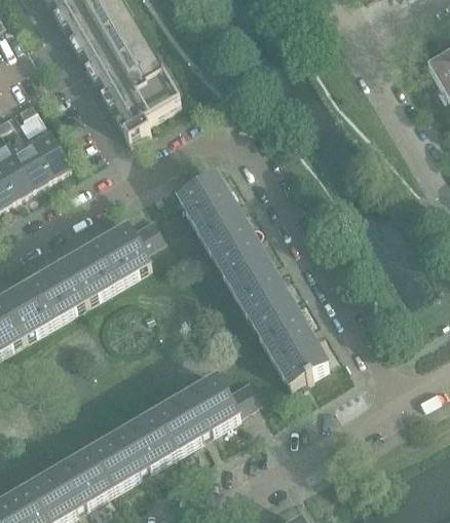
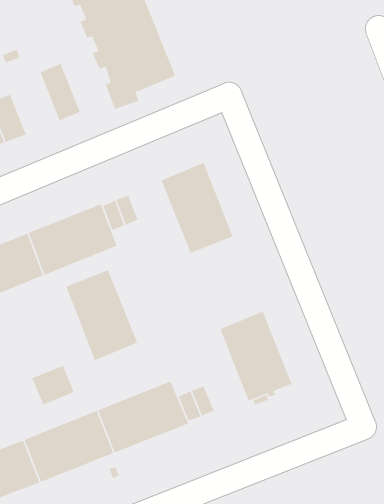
building: [27,118,70,172] -> [39,63,81,121]
building: [216,235,290,321] -> [65,269,138,361]
building: none -> [31,365,75,405]

